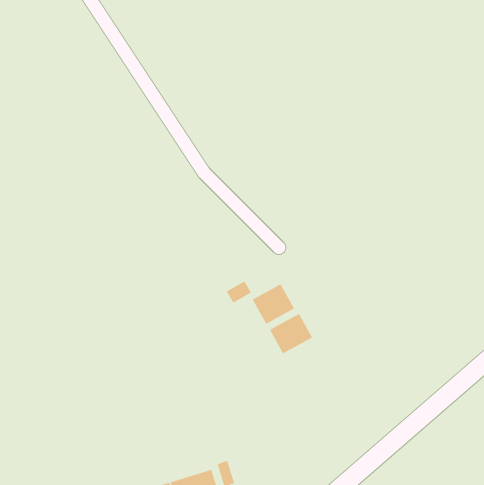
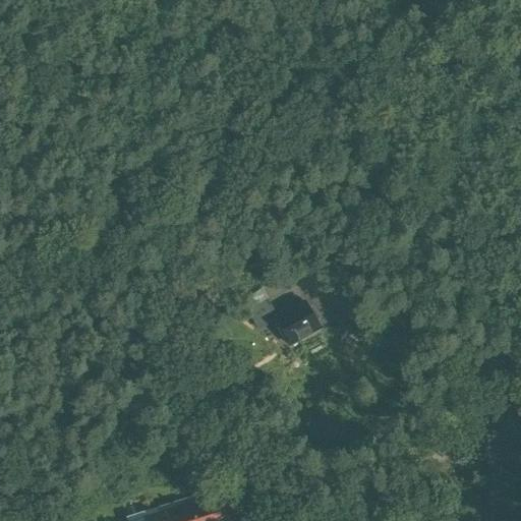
building: [269,313,313,354] -> none

